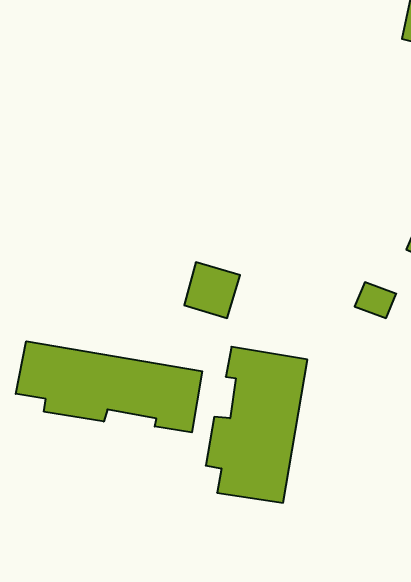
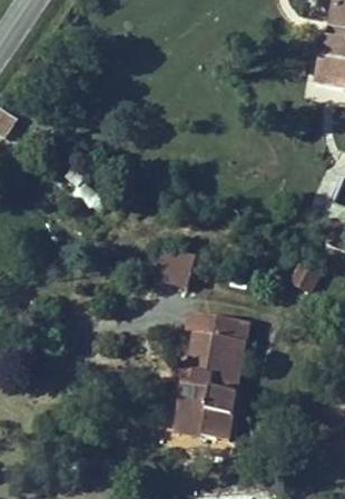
building: [16,341,202,432] -> none

